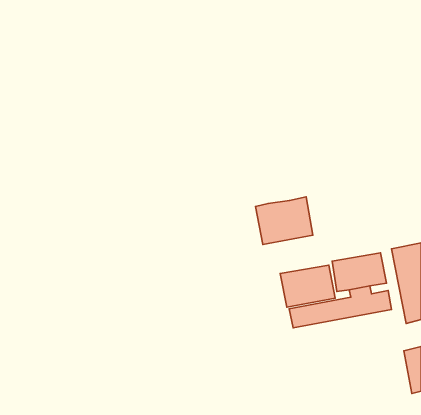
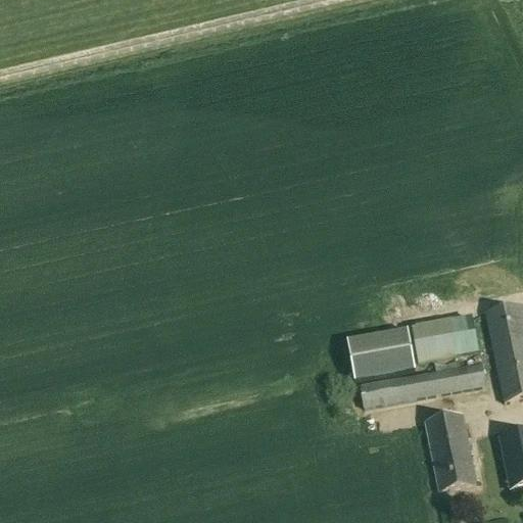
building: [256,197,313,244] -> none
building: none -> [426,412,476,489]

